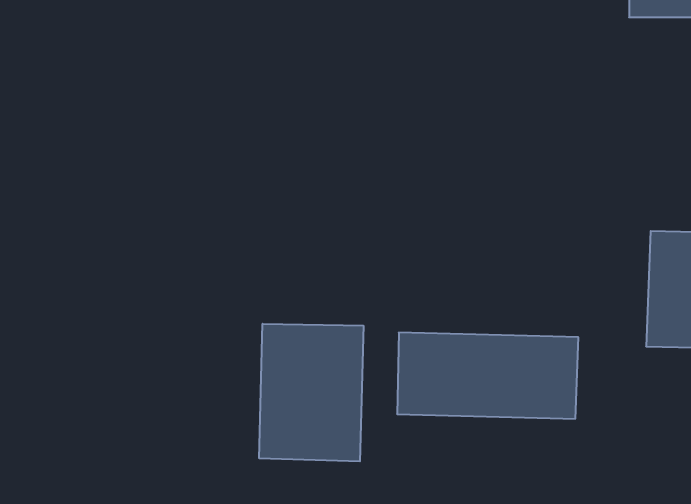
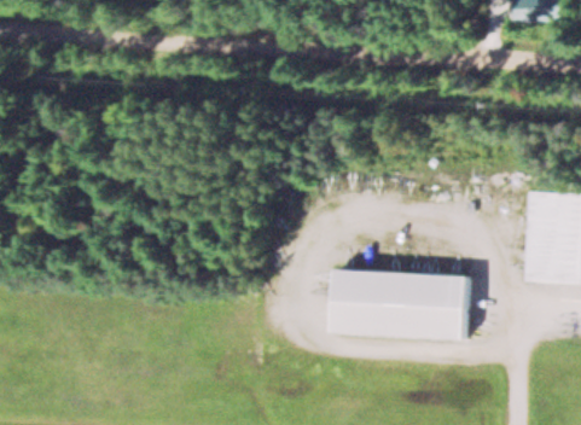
building: [259,324,363,461] -> none

